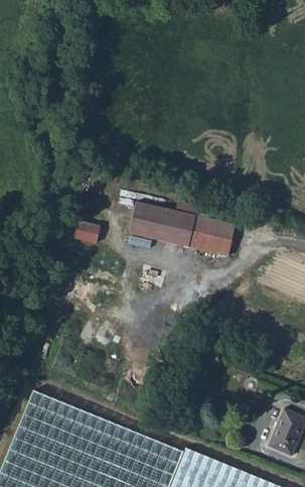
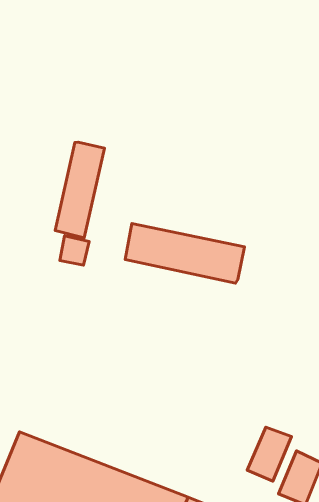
building: none -> [55,142,105,238]
building: none -> [247,427,292,481]

